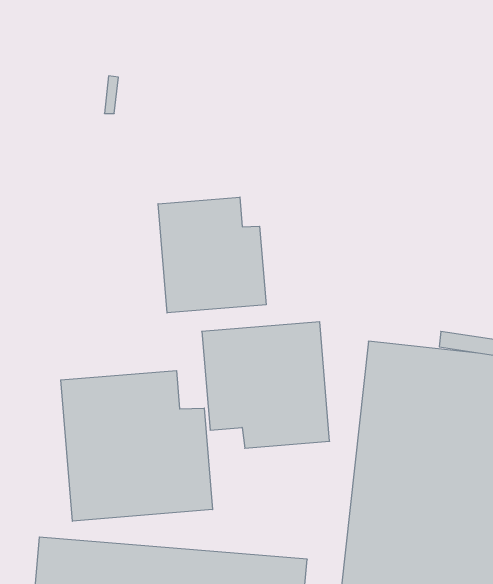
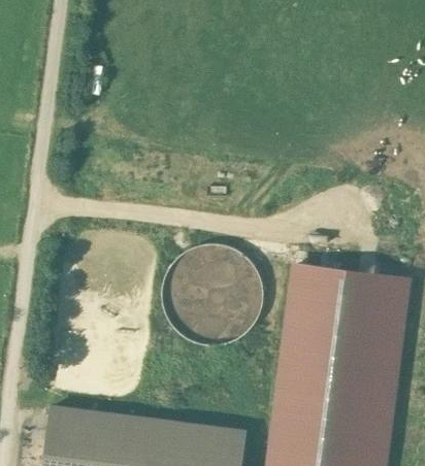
building: [158,197,266,313] -> none
building: [61,371,213,521] -> none

